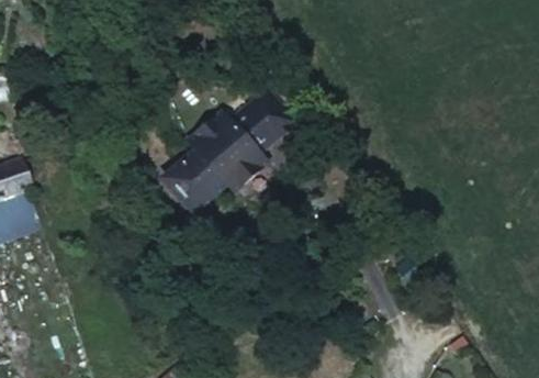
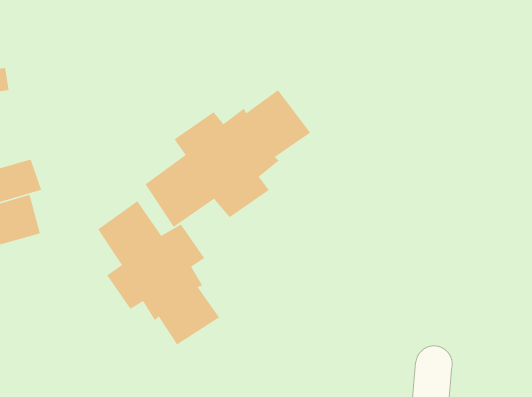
building: none -> [97,200,220,346]

